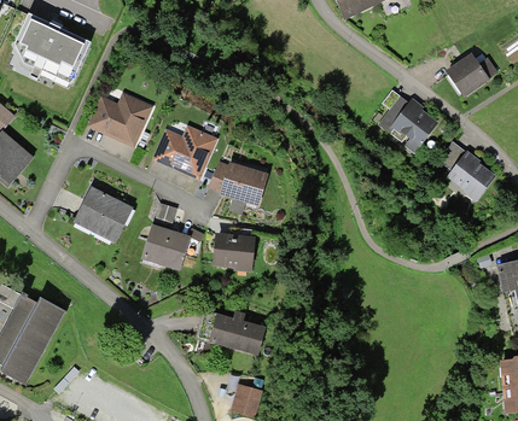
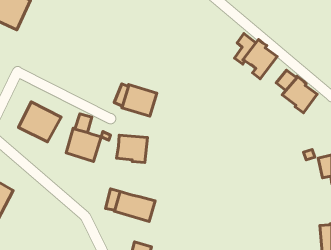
building: [444,53,496,98] -> none
building: [86,93,152,147] -> none
building: [151,124,217,180] -> none

